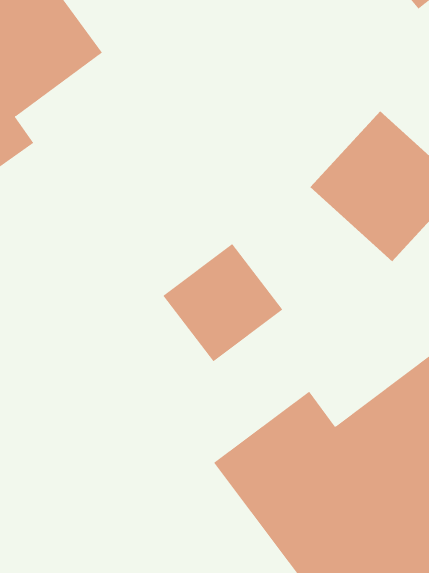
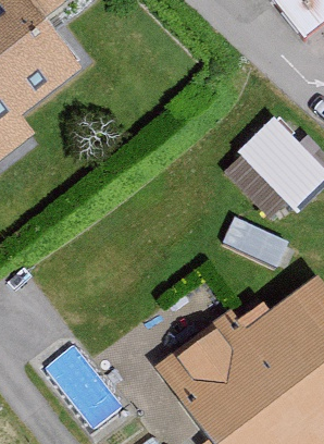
building: [163,243,283,362] -> none

